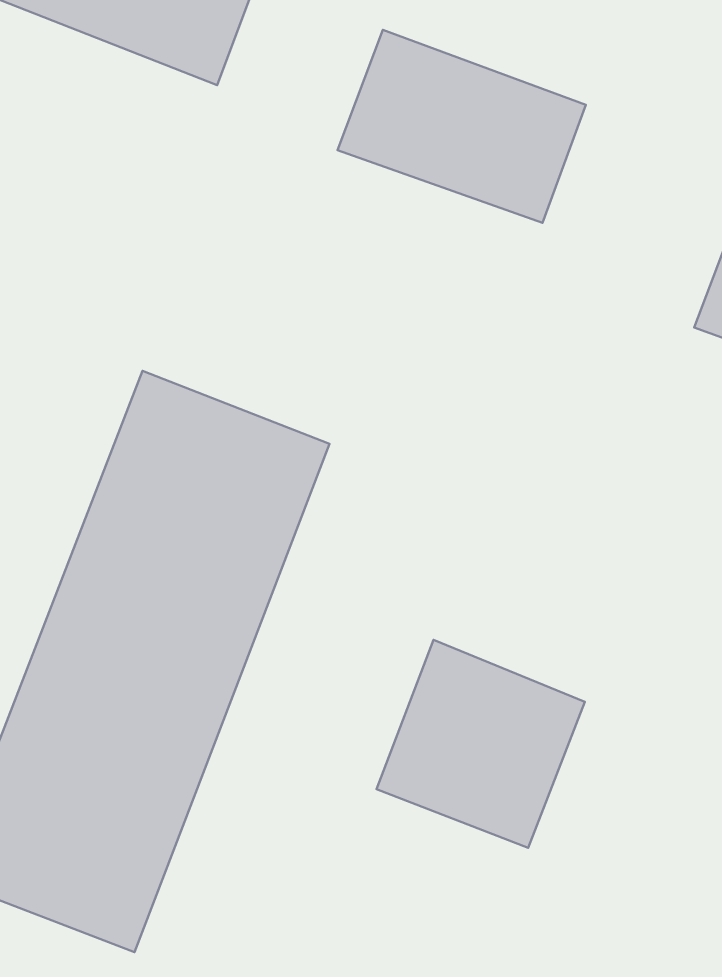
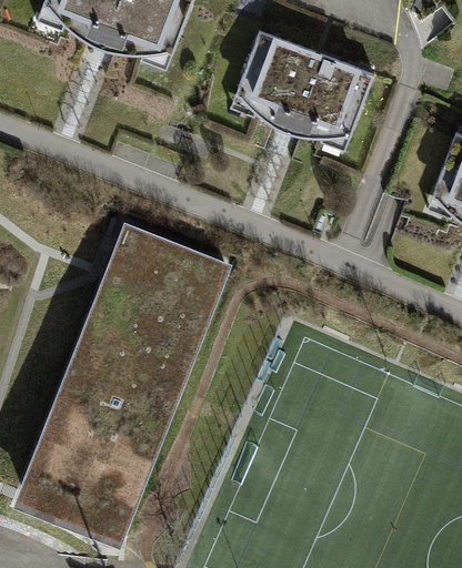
building: [376,640,585,848] -> none

